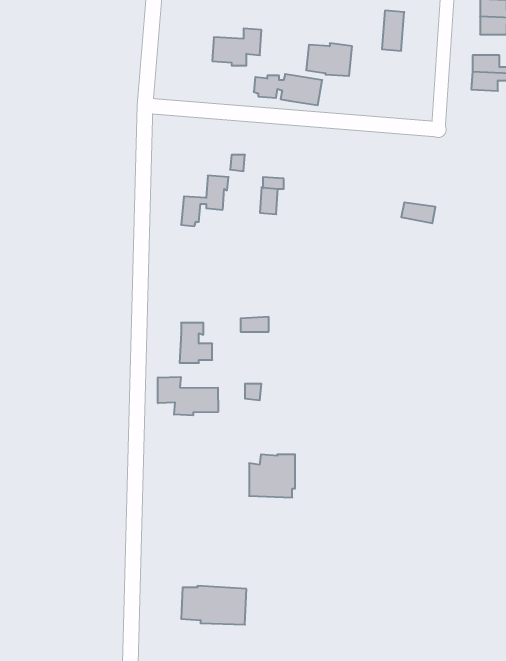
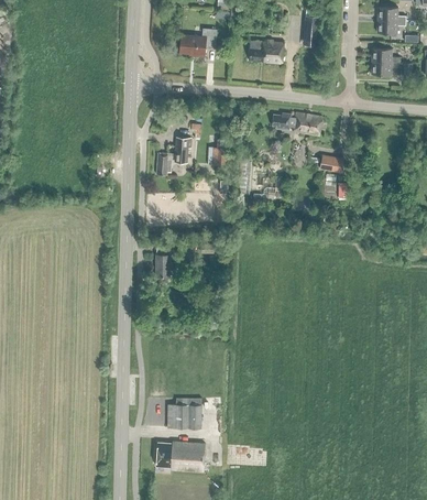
building: [254,74,322,105] -> [272,111,322,134]
building: [158,377,218,415] -> none
building: [249,454,295,497] -> [167,396,201,428]

